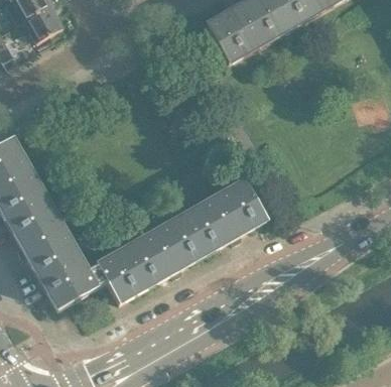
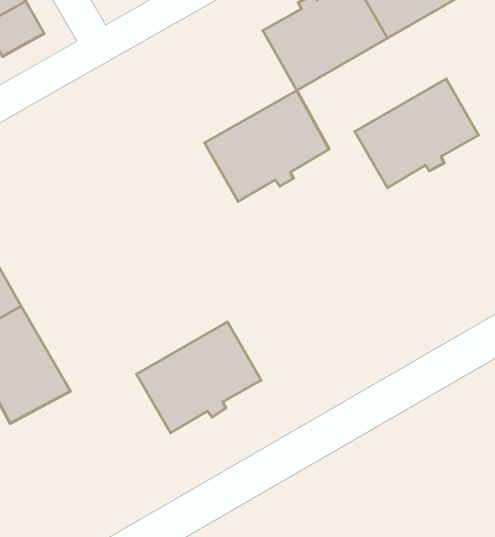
building: none -> [355,79,479,188]
building: [183,180,265,253] -> [204,90,329,201]
building: [41,249,146,309] -> none

